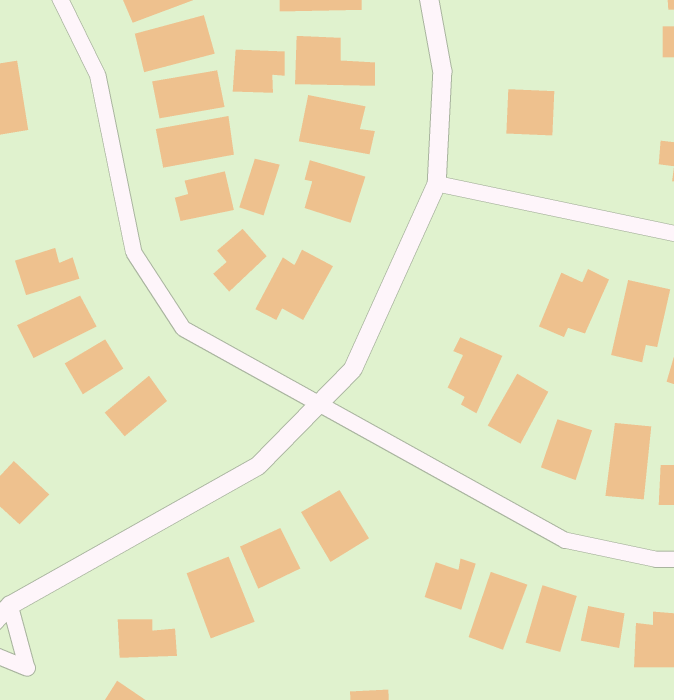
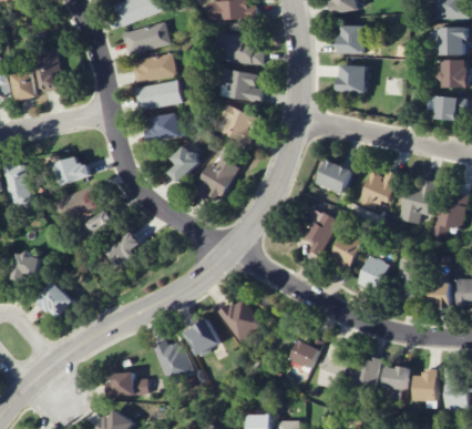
building: none -> [340,25,366,54]
building: [232,49,285,93] -> none
building: [238,158,281,216] -> none
building: none -> [317,160,352,194]

